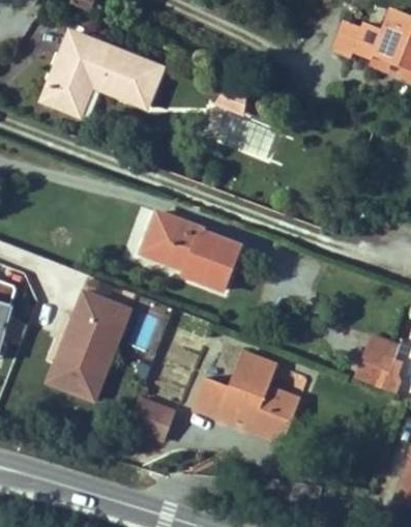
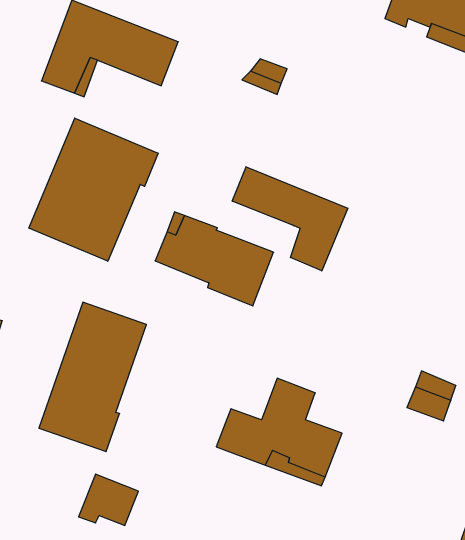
building: none -> [29,118,158,261]
building: none -> [232,167,348,271]
building: [124,399,175,442] -> [79,474,138,525]

